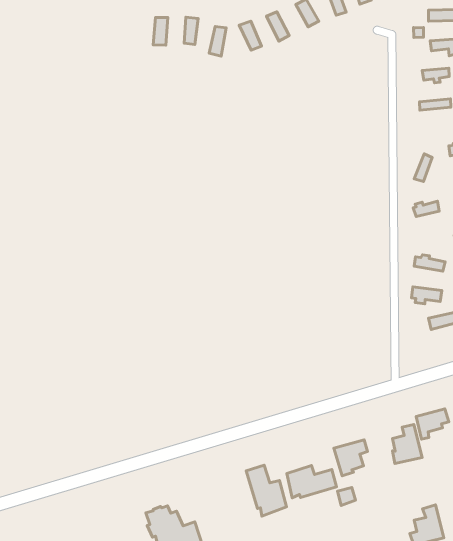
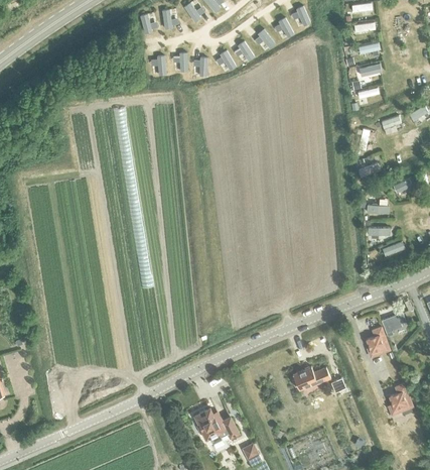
building: [334,440,368,476] -> none
building: [246,465,287,516] -> none

